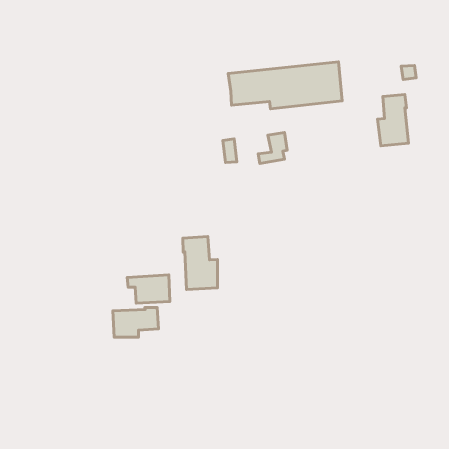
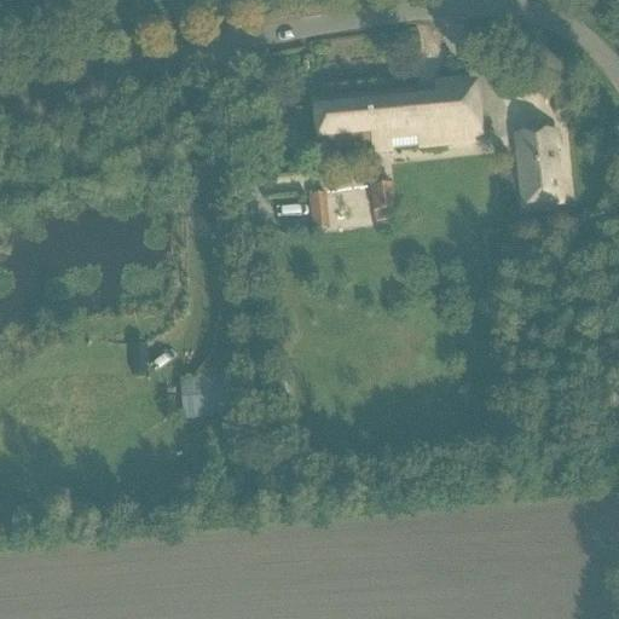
building: [183,236,218,289] -> none
building: [113,308,158,337] -> none

